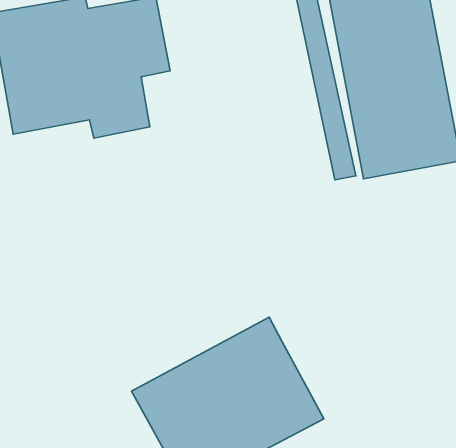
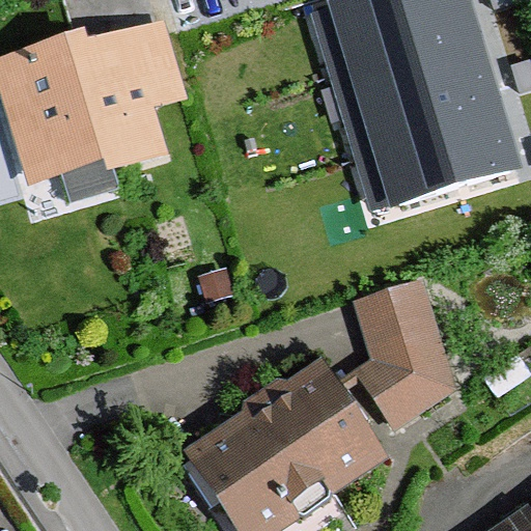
building: none -> [336,275,457,438]

